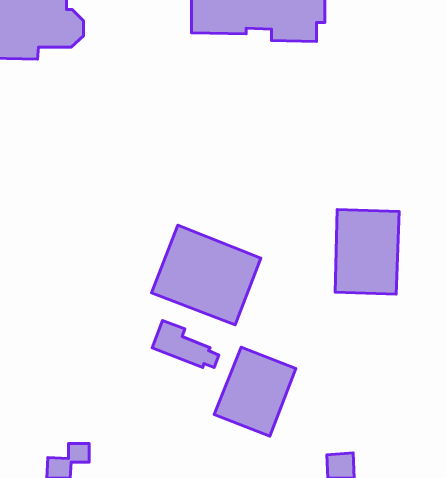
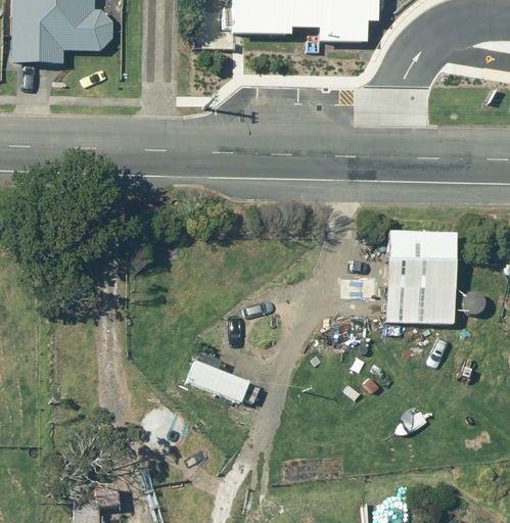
building: [152,225,261,325] -> none
building: [214,347,296,436] -> none

